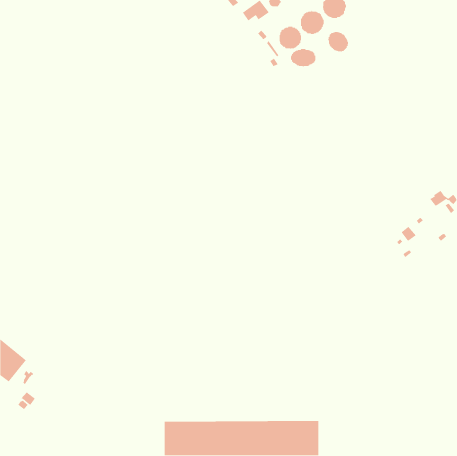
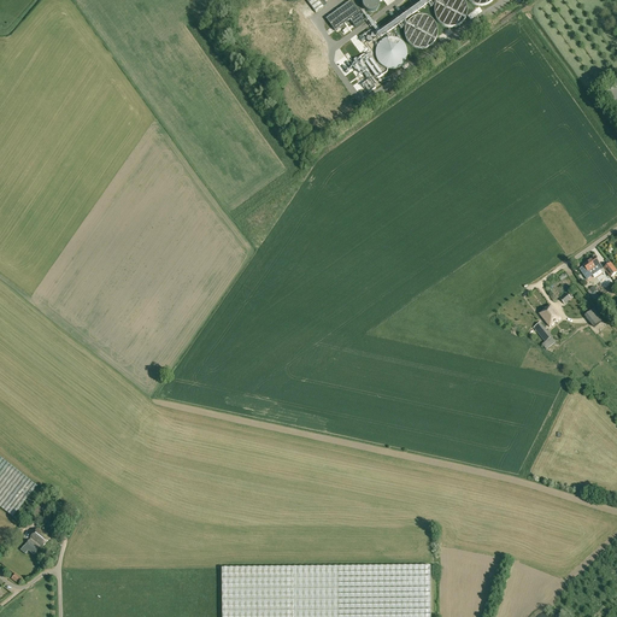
building: [327,31,349,52] -> none
building: [290,48,316,67] -> none

